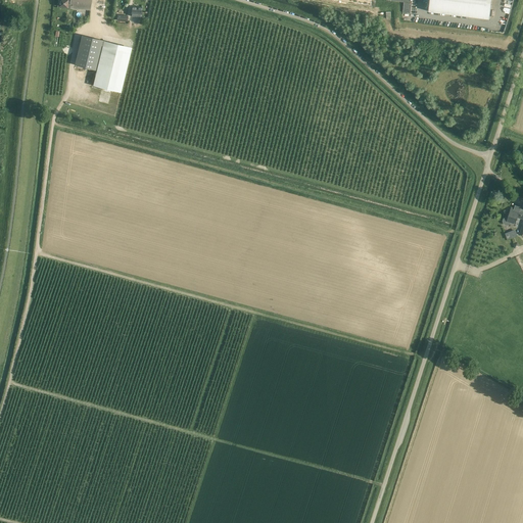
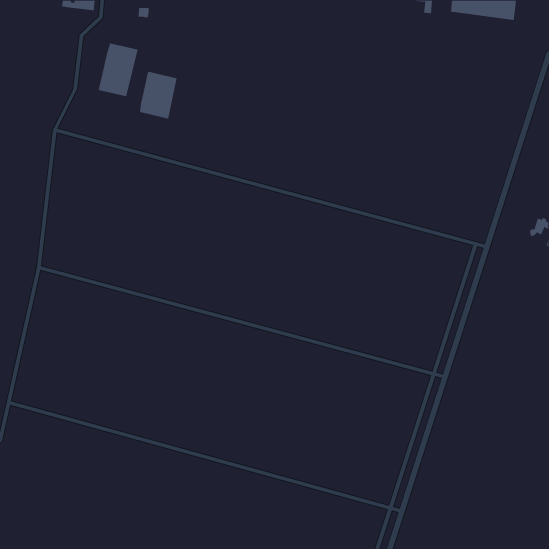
building: [75,35,103,70] -> none
building: none -> [139,71,177,119]

